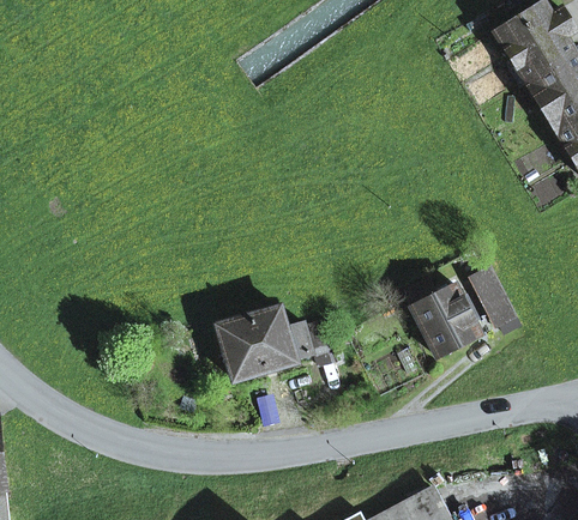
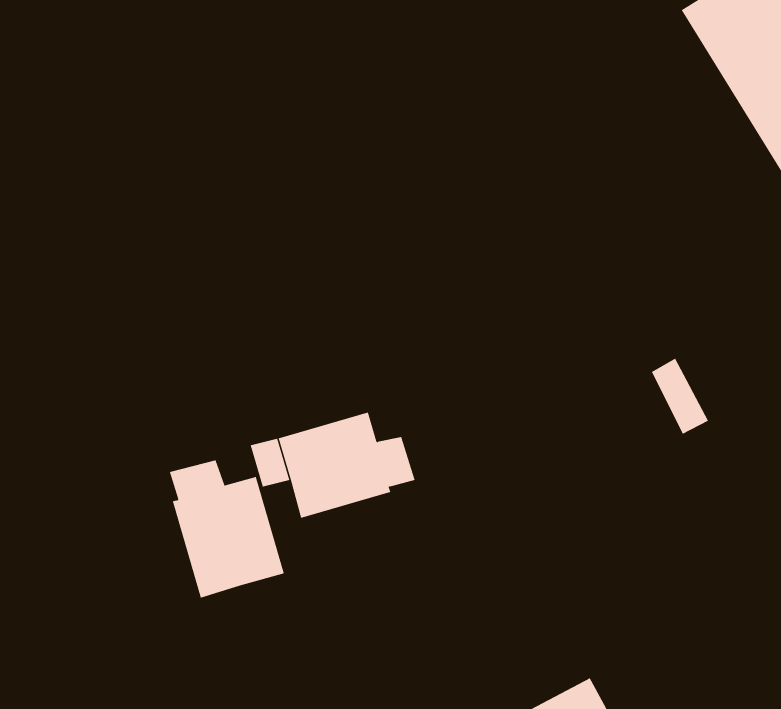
building: [410,285,480,358] -> none
building: none -> [169,460,284,598]

